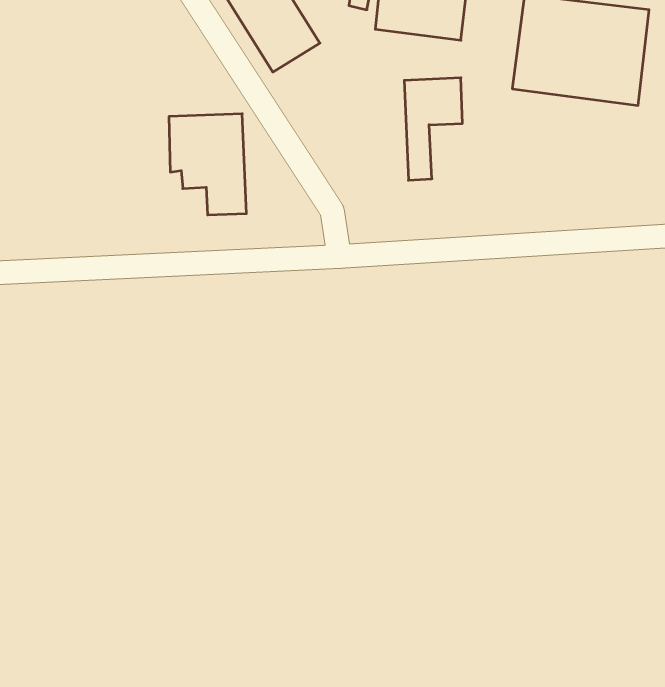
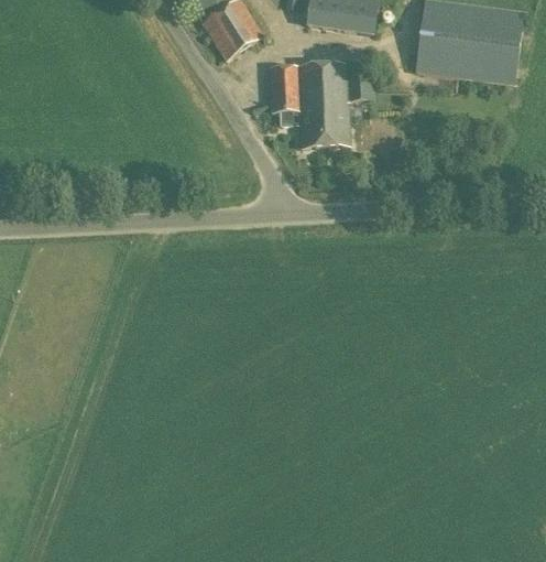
building: [169,114,246,215] -> [271,65,332,145]

